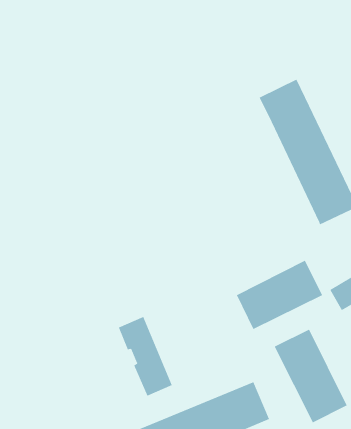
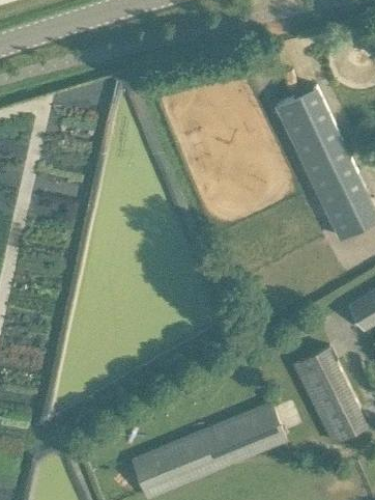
building: [236,260,323,330] -> none
building: [118,316,172,397] -> none

